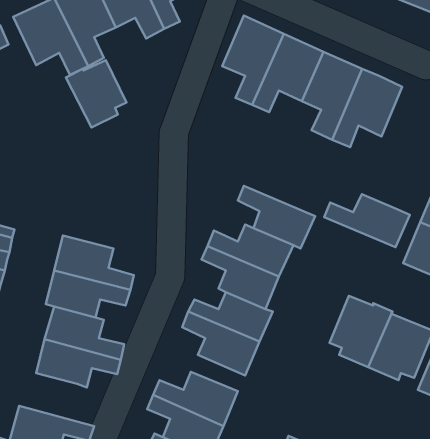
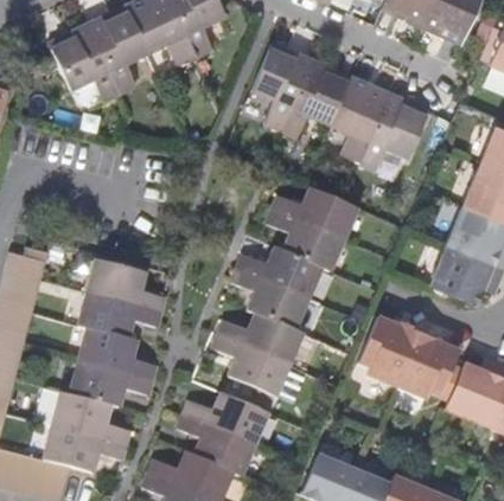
building: [66,60,126,127] -> none
building: [324,194,410,247] -> [274,187,358,239]
building: none -> [53,392,130,445]

